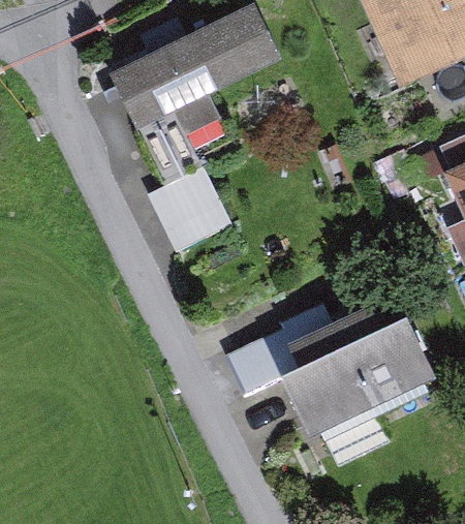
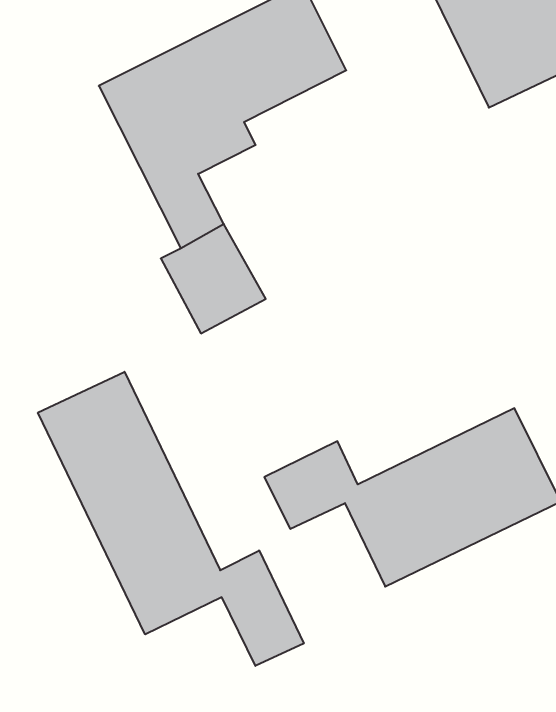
building: none -> [38,372,304,666]

